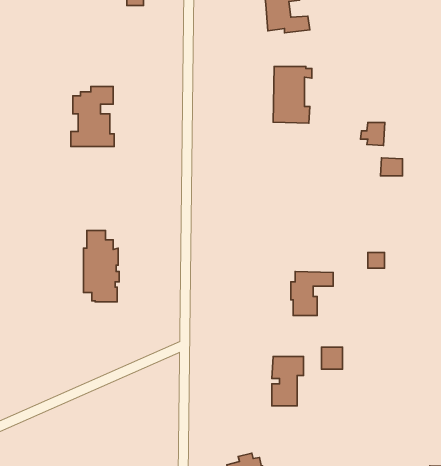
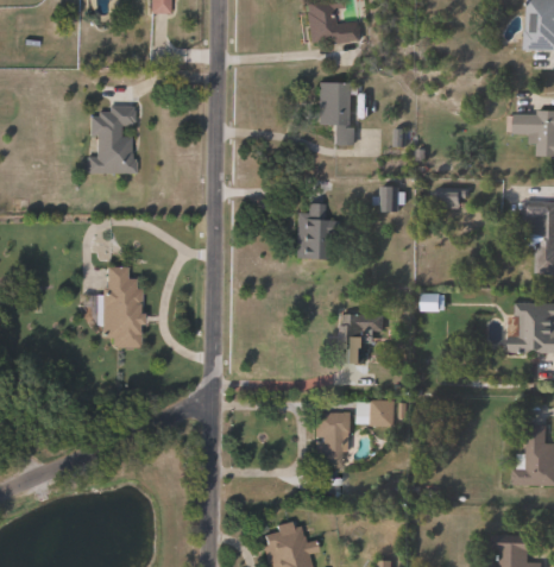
building: [360,122,385,146] -> [373,187,401,213]
building: none -> [295,202,330,260]

